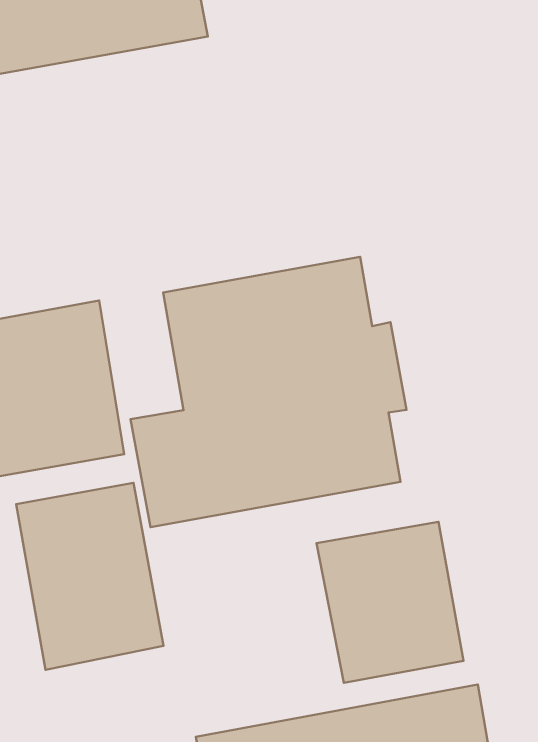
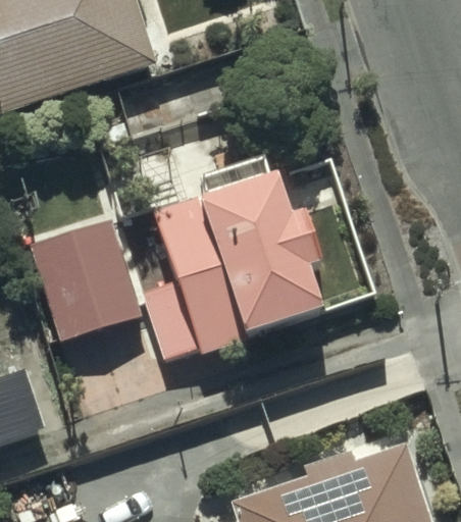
building: [16,483,164,670] -> none
building: [317,522,464,683] -> none

